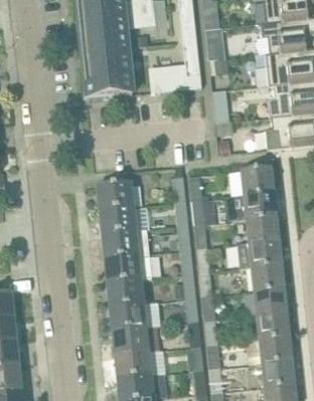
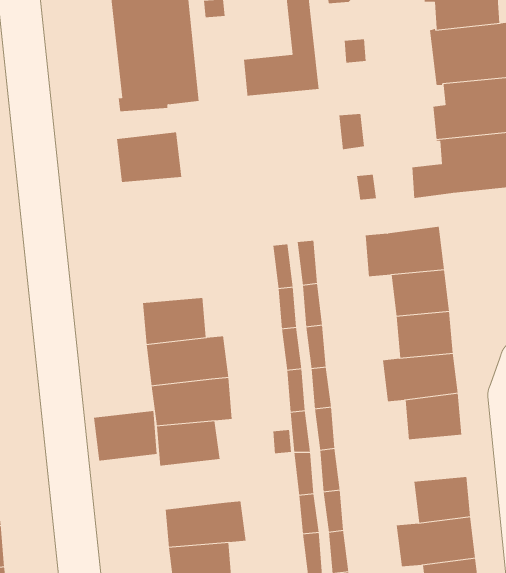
building: [96,181,134,210] -> [116,132,182,182]
building: [253,286,287,314] -> none
building: [109,300,146,330] -> [93,411,158,461]

